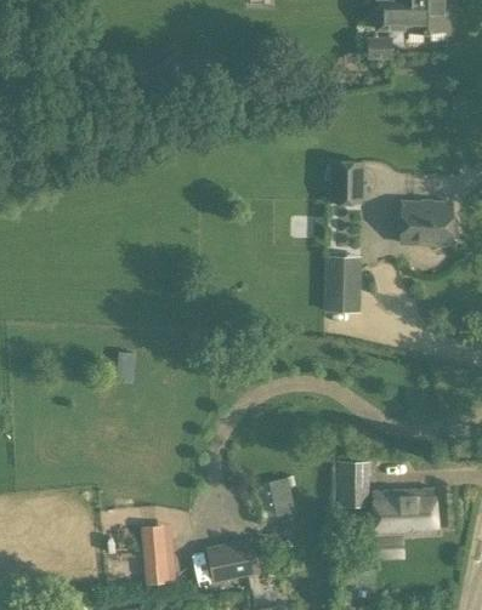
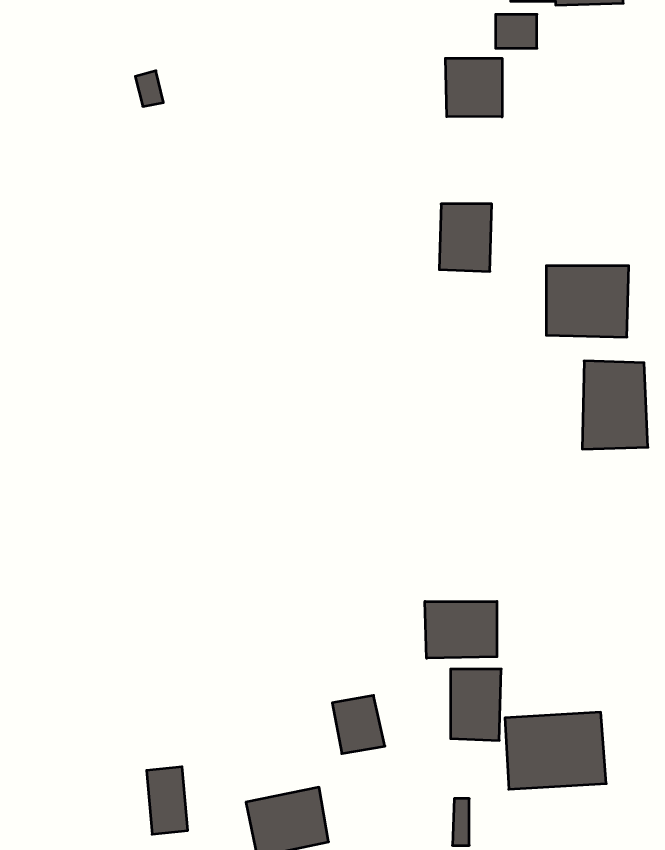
building: none -> [445,58,502,117]
building: [322,256,364,313] -> [582,361,648,449]
building: none -> [425,601,497,658]

